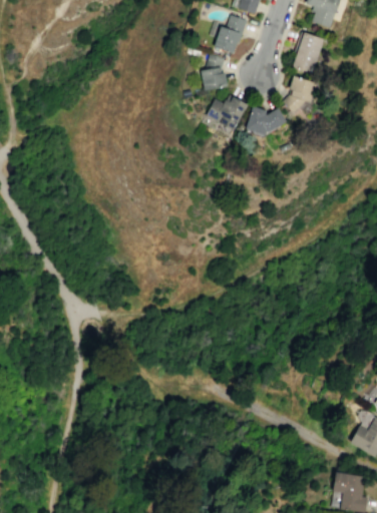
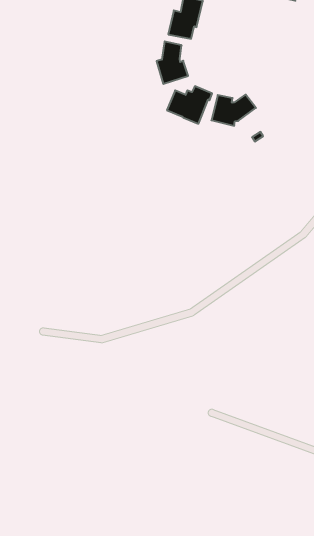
building: [292,32,323,74] -> none
building: [282,75,315,113] -> none

